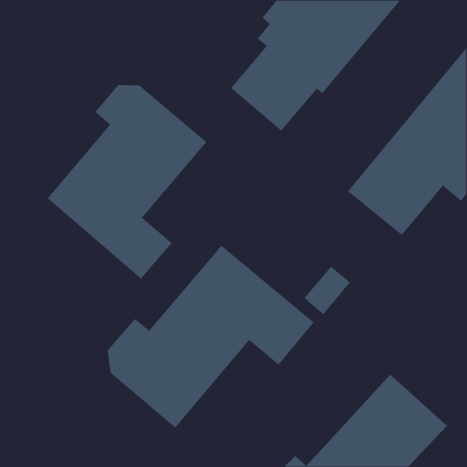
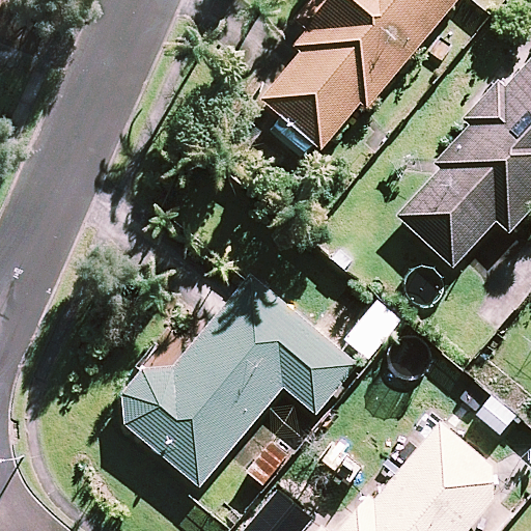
building: [47,84,207,279] -> none

